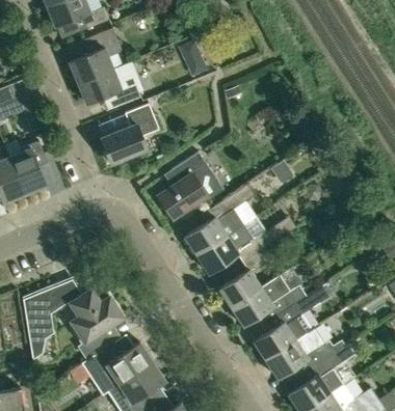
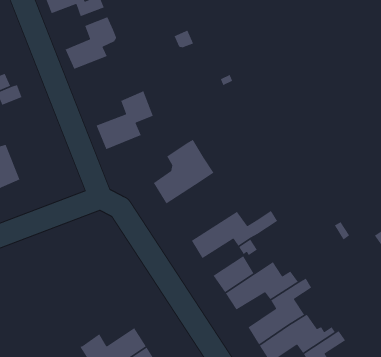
building: [78,68,140,107] -> none
building: [9,140,46,193] -> none
building: [184,184,255,254] -> none
building: [23,279,123,360] -> none

